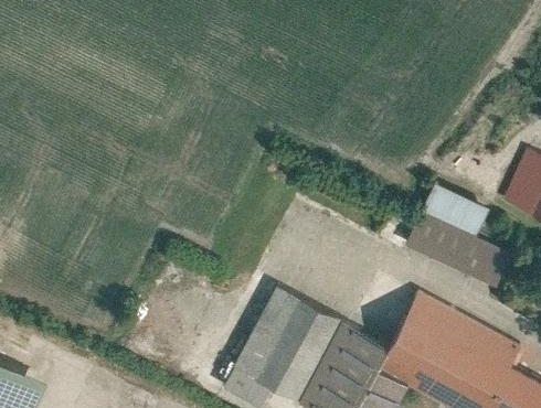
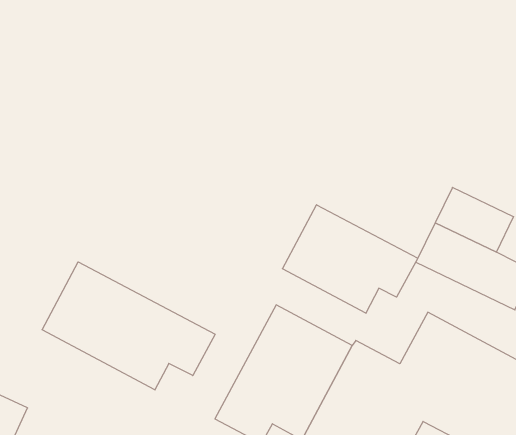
building: none -> [282,205,418,313]
building: none -> [42,262,215,390]

